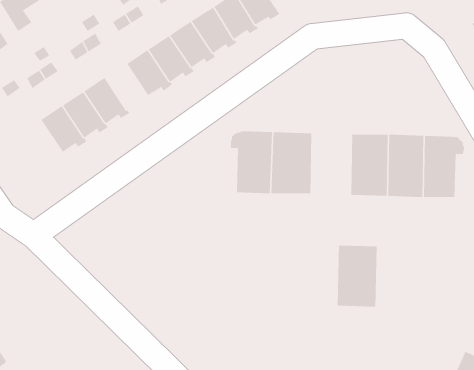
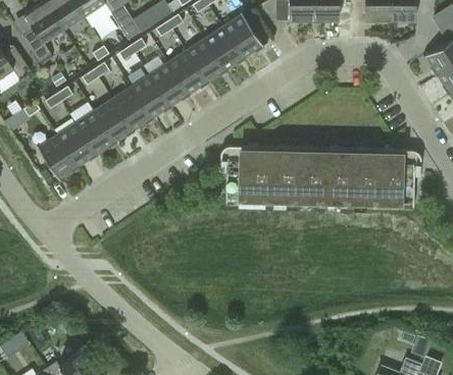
building: none -> [112,89,152,128]
building: none -> [36,137,78,179]
building: [337,245,377,307] -> [289,148,323,201]

